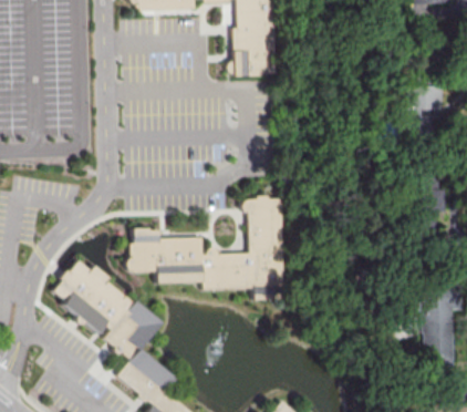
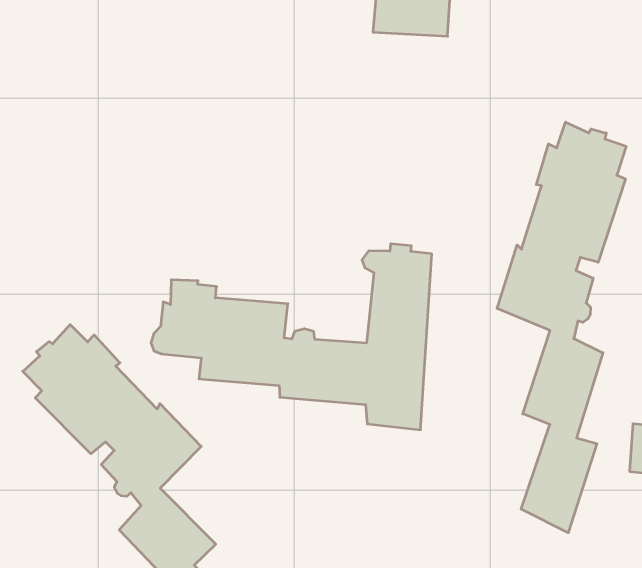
building: none -> [497,122,626,533]

